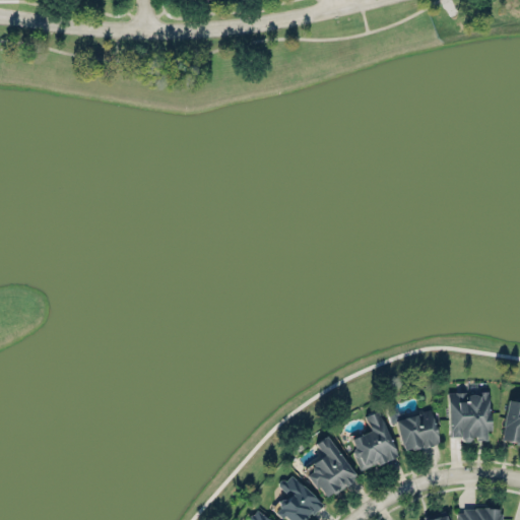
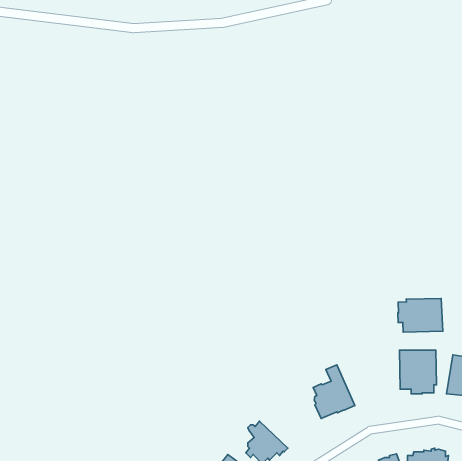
building: none -> [398,299,443,332]
building: [389,410,440,454] -> none
building: [309,432,355,496] -> none

